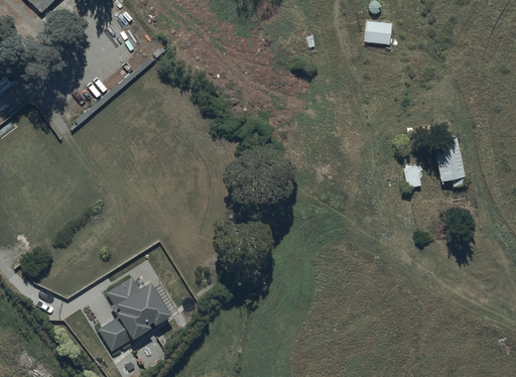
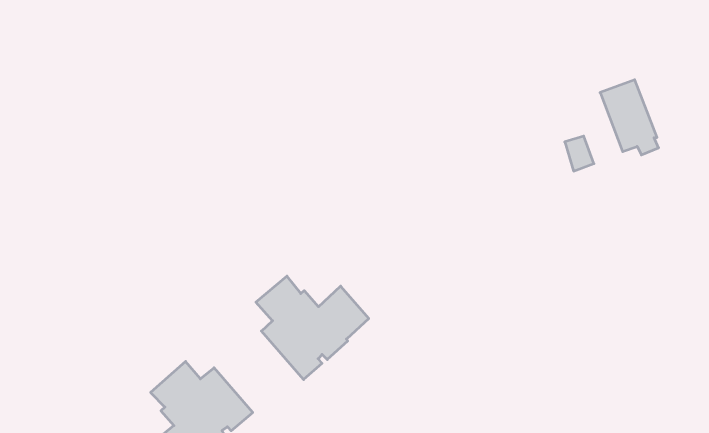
building: none -> [256,276,369,380]

